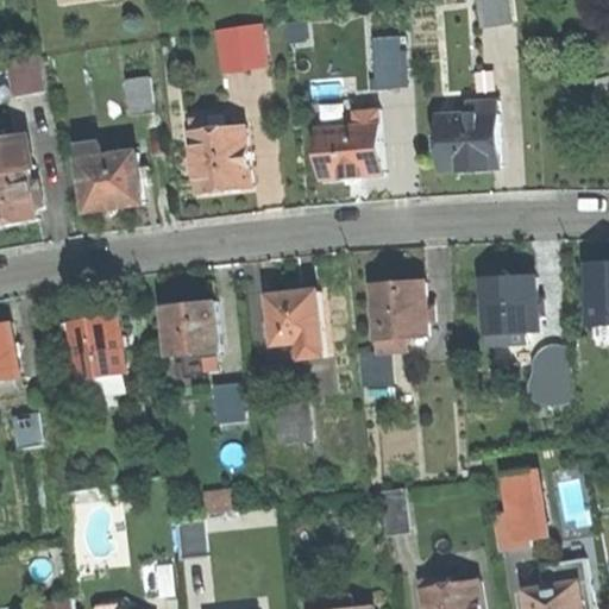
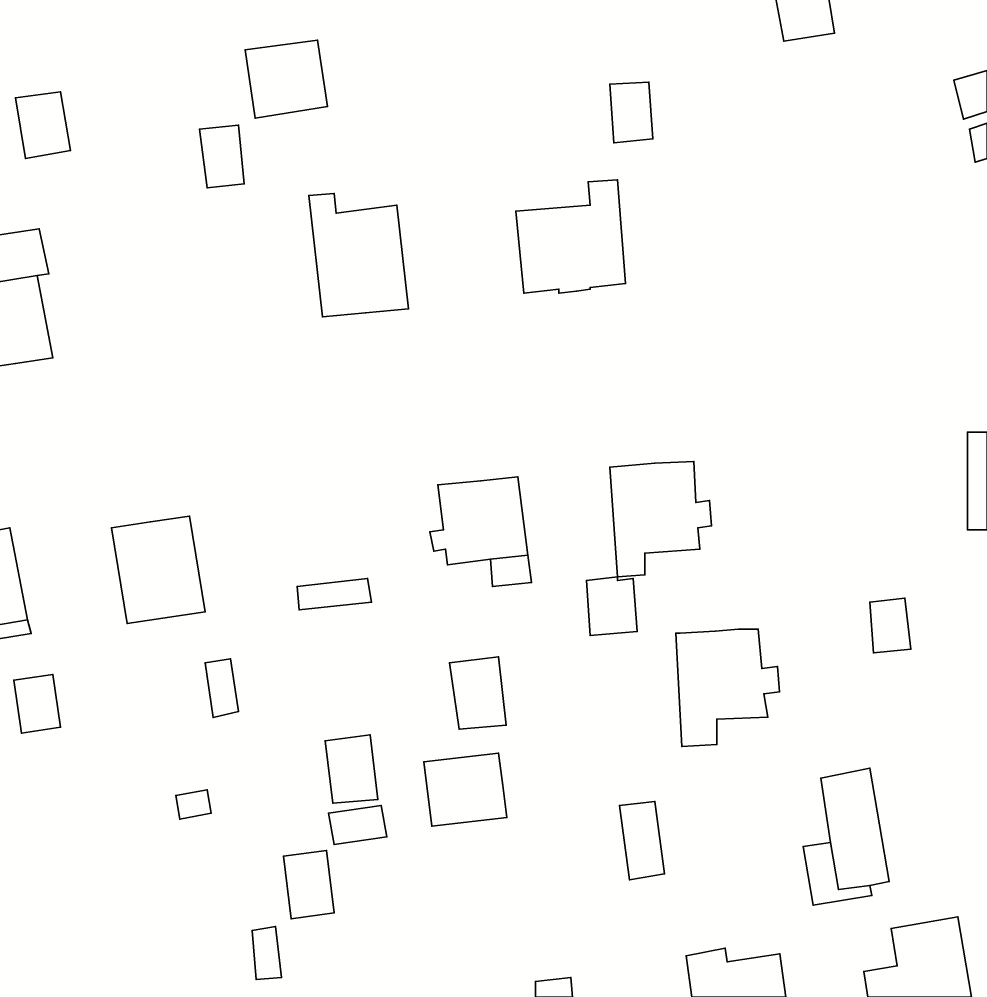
building: [214,23,264,70] -> [245,40,327,118]
building: [435,101,497,170] -> none
building: [76,142,143,215] -> none
building: [481,276,544,347] -> [676,629,780,747]
building: [163,301,219,354] -> none
building: [211,382,243,423] -> [325,735,378,803]
building: none -> [424,753,507,826]

